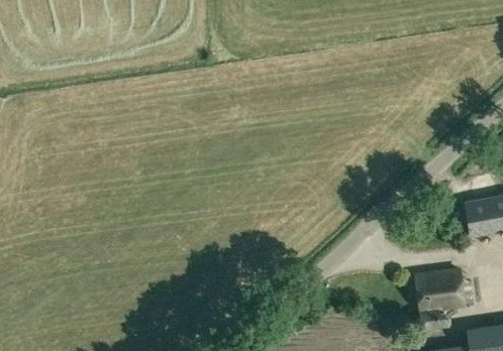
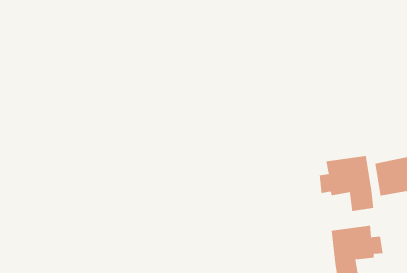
building: none -> [319,155,374,212]

